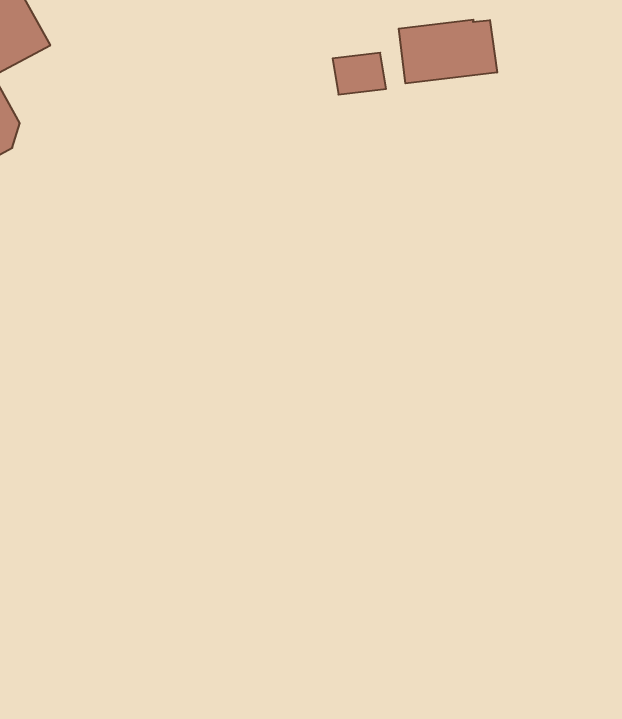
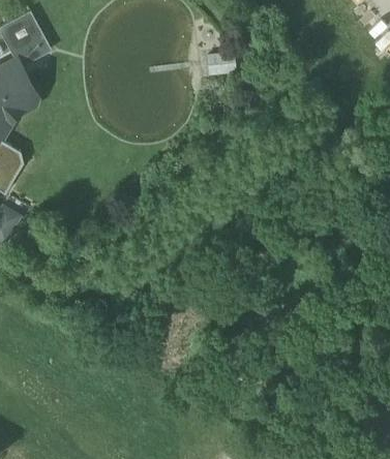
building: [399,20,497,83] -> none

